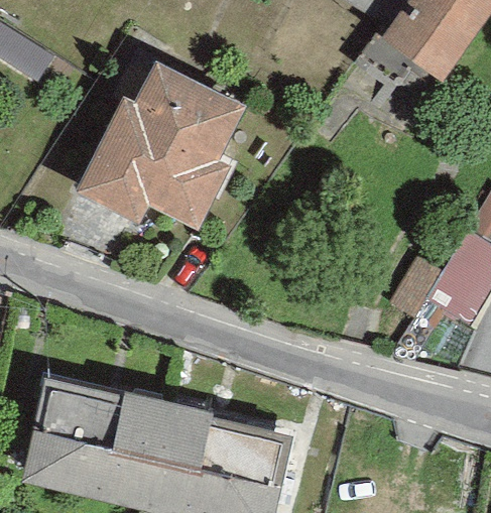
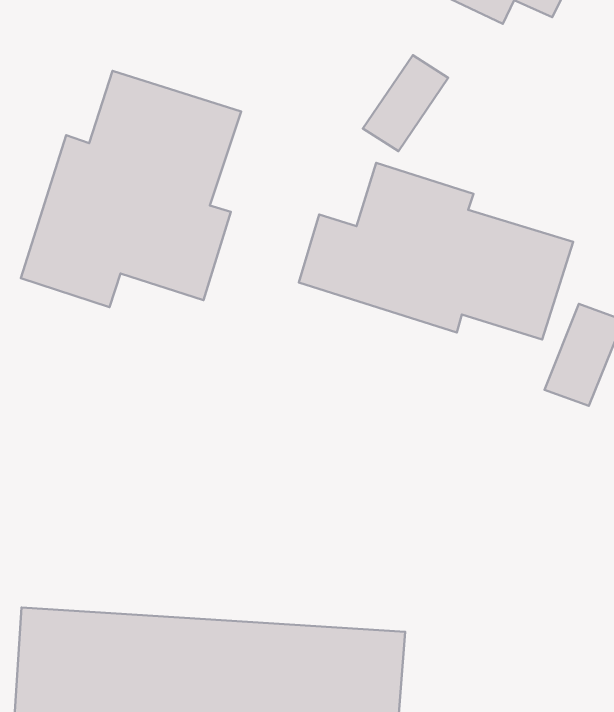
building: none -> [299,163,573,340]

